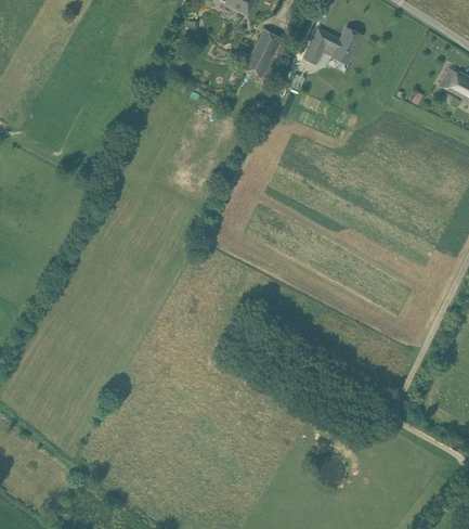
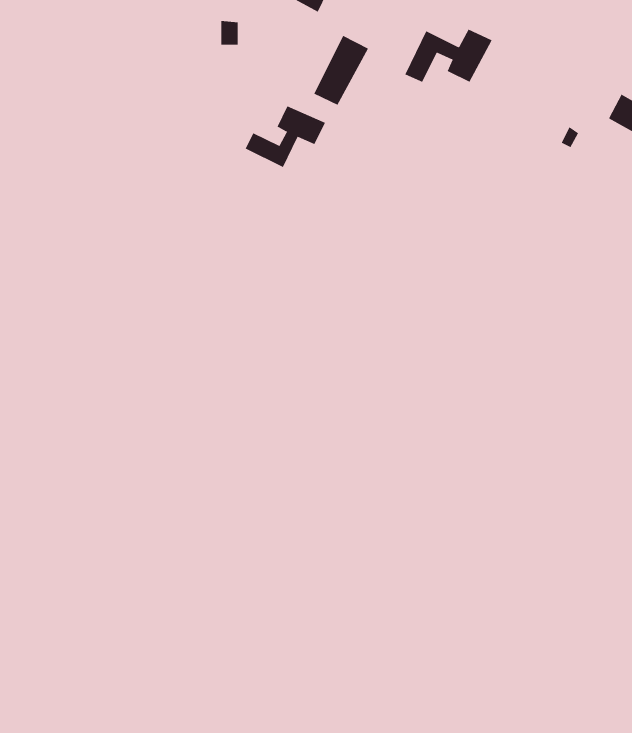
building: none -> [245,105,326,168]

